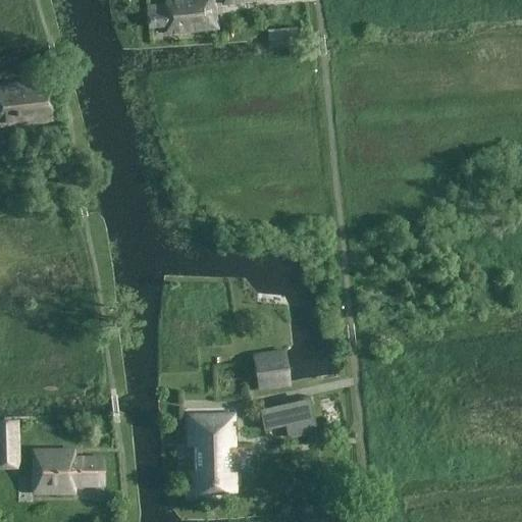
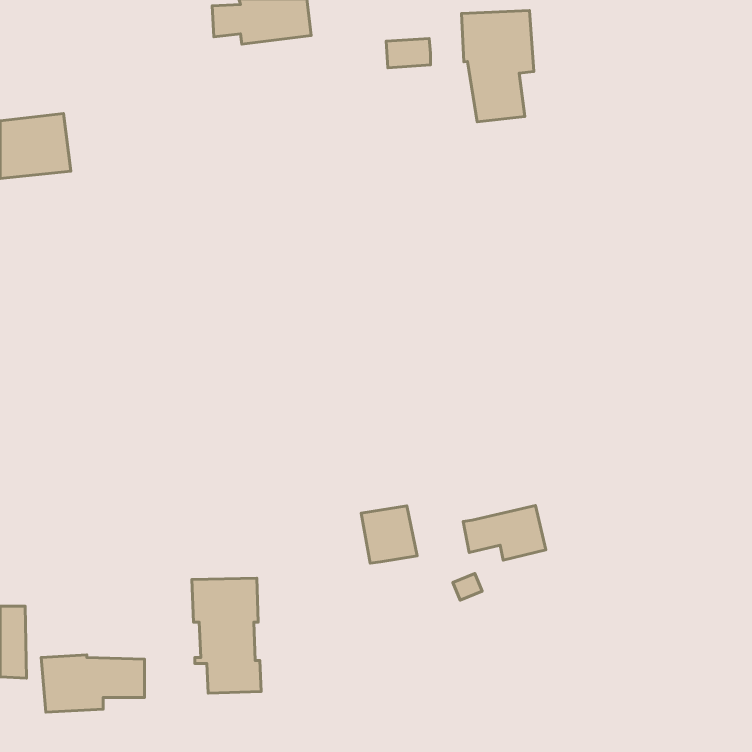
building: none -> [461,10,534,122]
building: [259,398,316,435] -> [463,505,546,560]
building: [187,415,234,494] -> [192,578,261,693]

